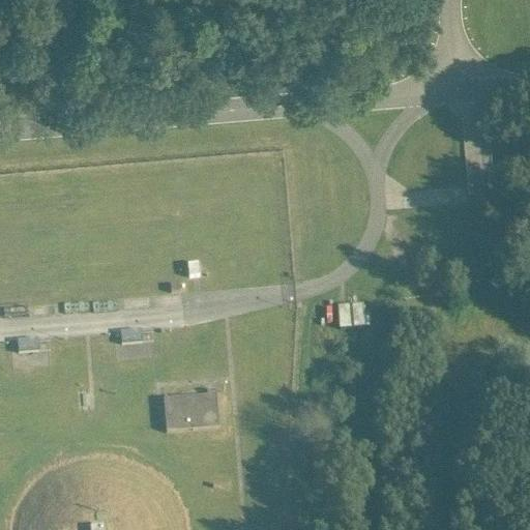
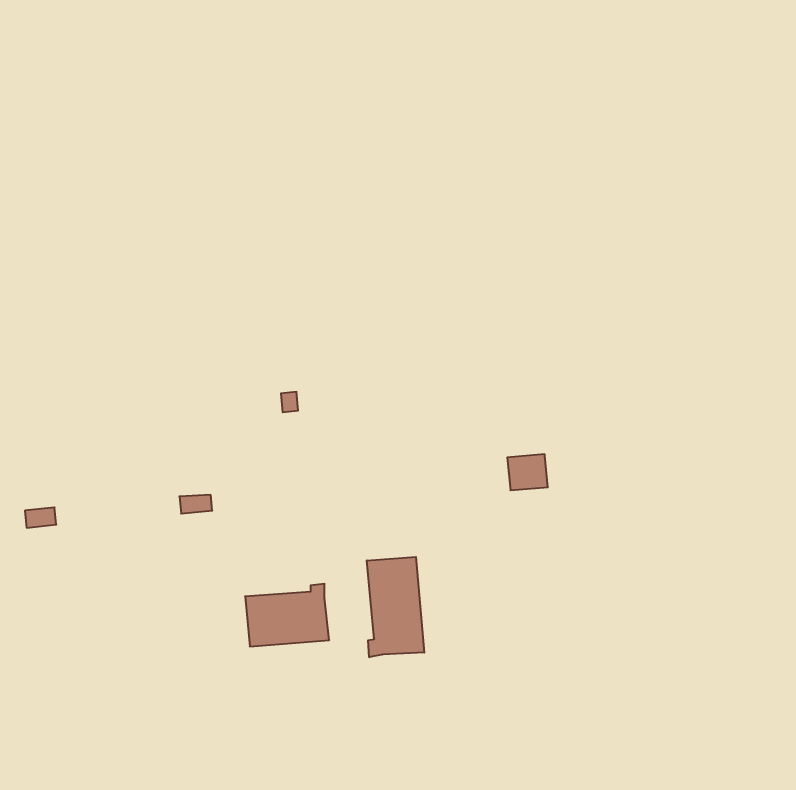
building: none -> [367,557,424,657]

